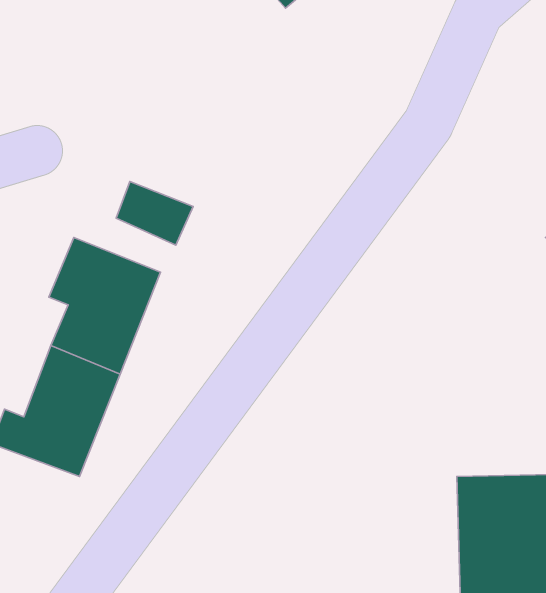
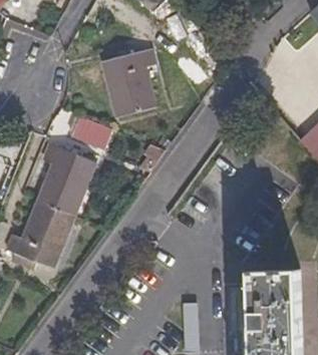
building: none -> [99,46,154,115]

